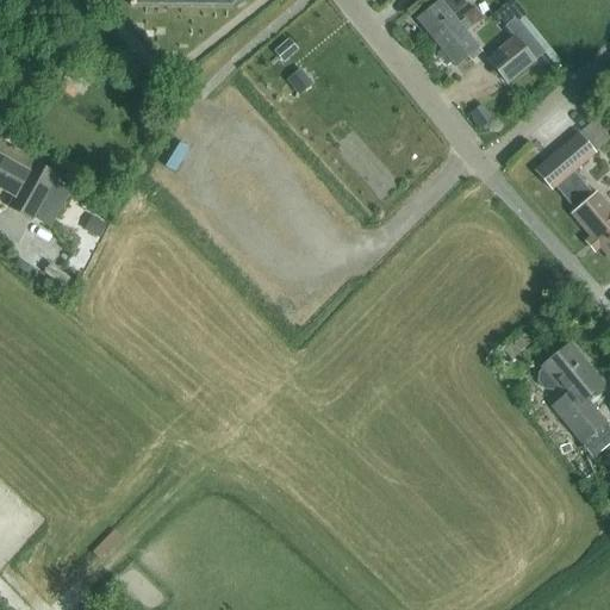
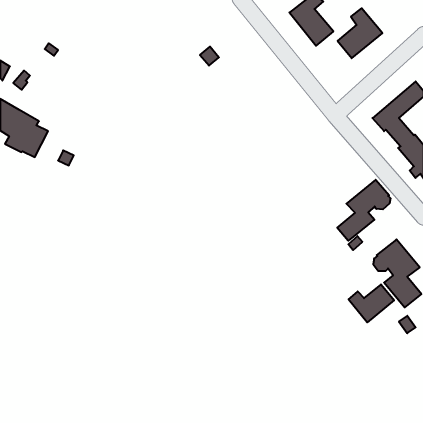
building: none -> [337,180,390,241]
building: none -> [349,284,394,322]

